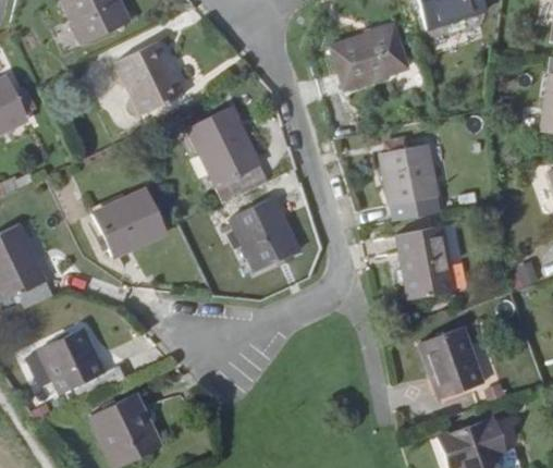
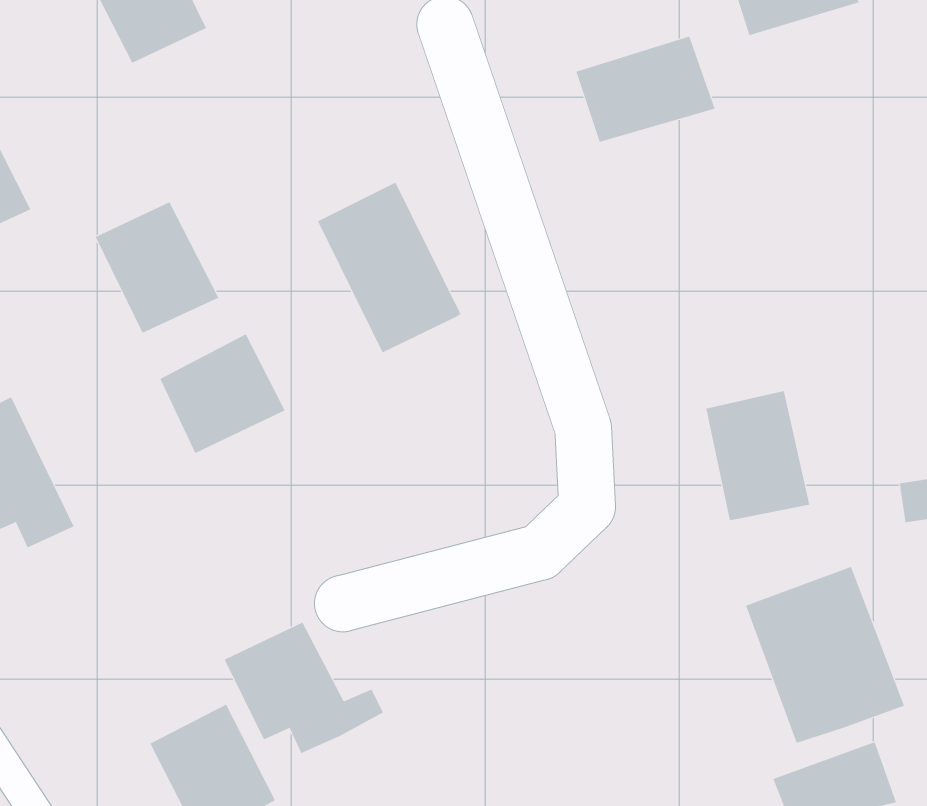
building: [114,40,183,113] -> [95,201,219,333]
building: [384,144,443,218] -> none
building: [213,181,298,269] -> none
building: [39,330,127,403] -> [224,622,384,754]

